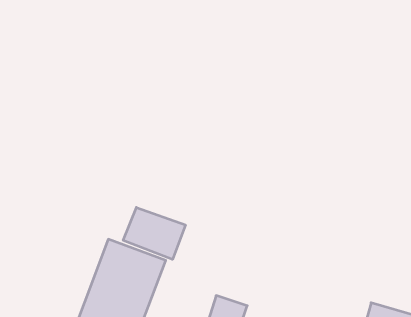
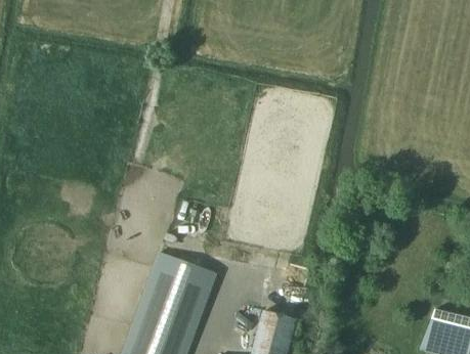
building: [123,207,185,259] -> none

